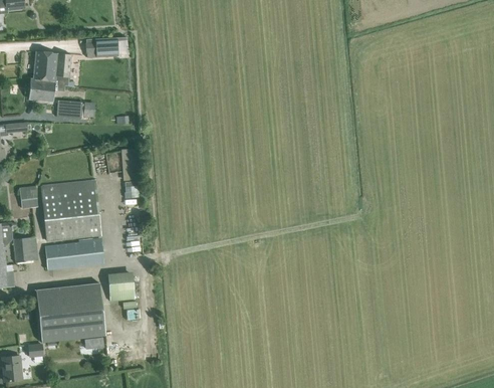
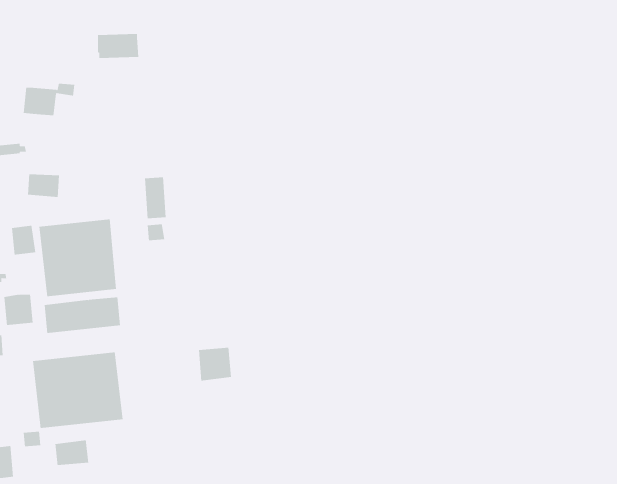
building: [33,50,70,80] -> none
building: [58,100,83,118] -> [27,174,60,197]
building: [107,274,134,301] -> [198,347,232,381]
building: none -> [55,439,89,466]

